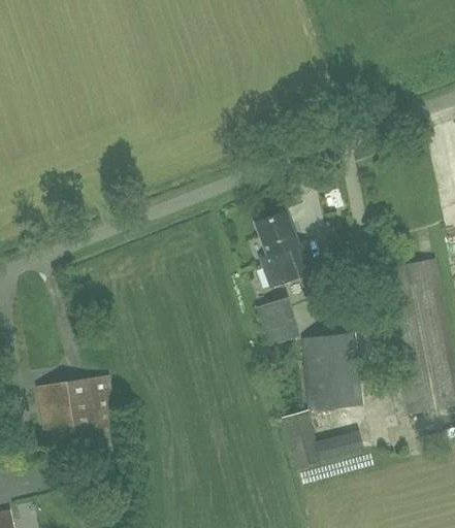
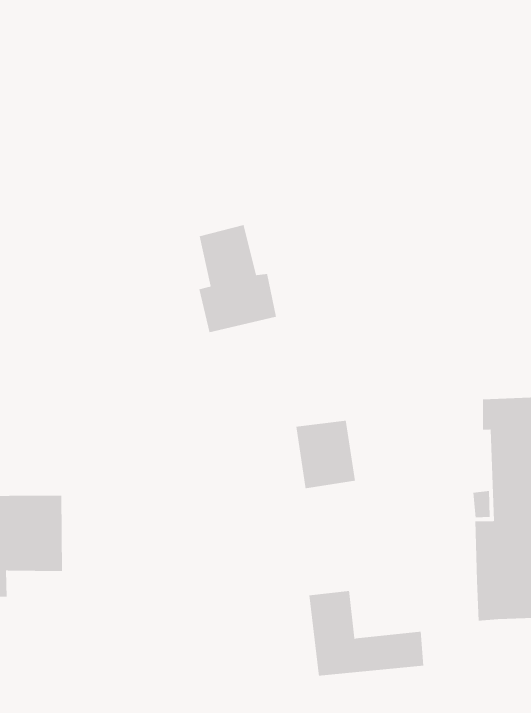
building: [257,212,317,288] -> [198,225,277,333]
building: [302,333,361,410] -> none

